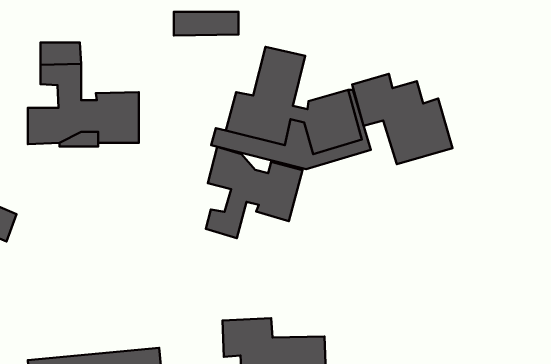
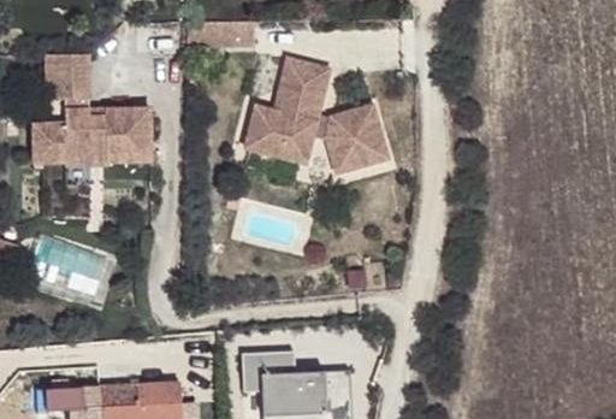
building: [352,74,453,164] -> none
building: [206,147,303,238] -> none

